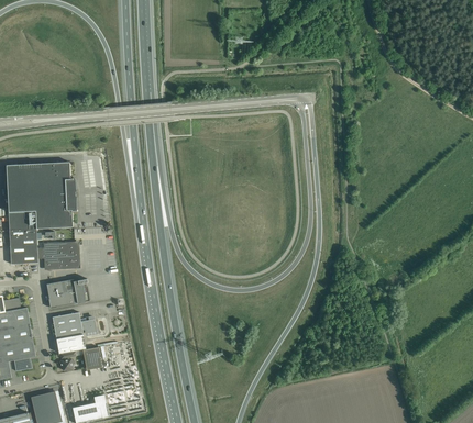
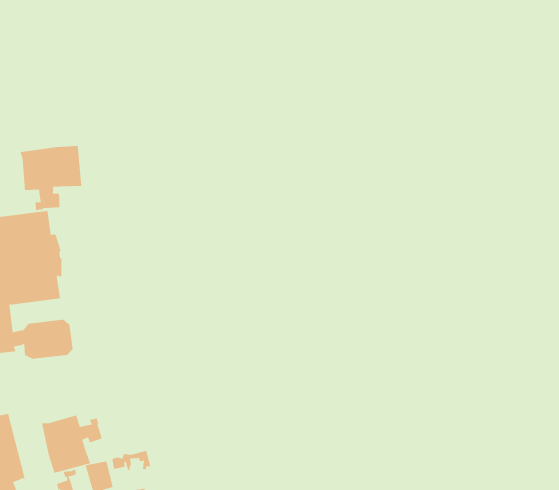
building: none -> [20,145,82,211]
building: [47,278,89,307] -> none

